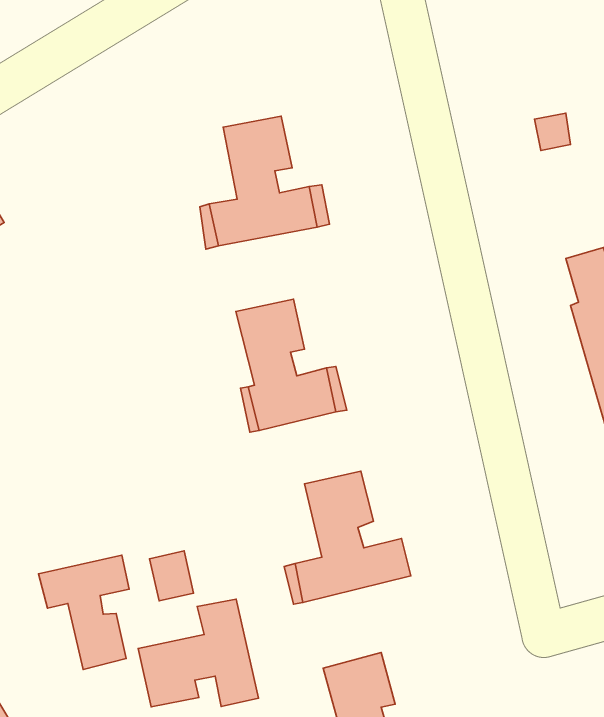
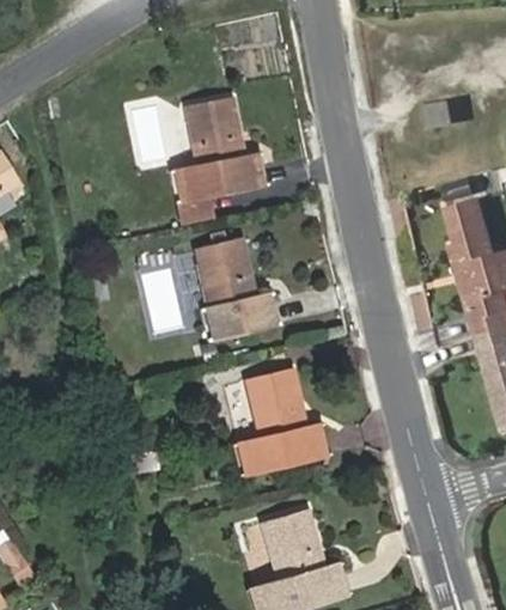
building: none -> [141,264,184,333]
building: [38,555,129,669] -> none
building: [138,599,258,707] -> none

